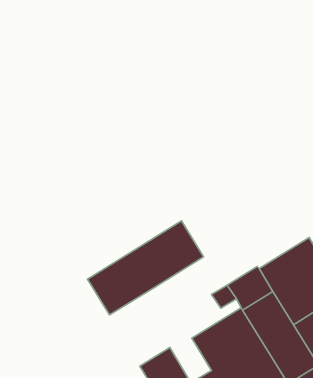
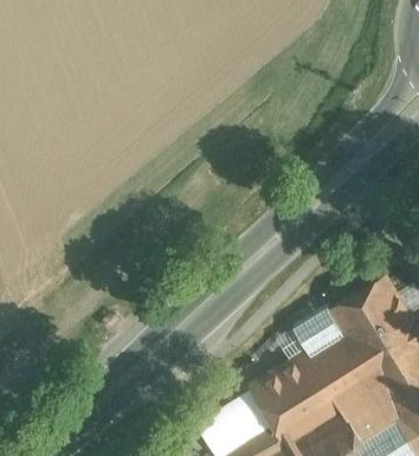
building: [88,221,204,315] -> none

